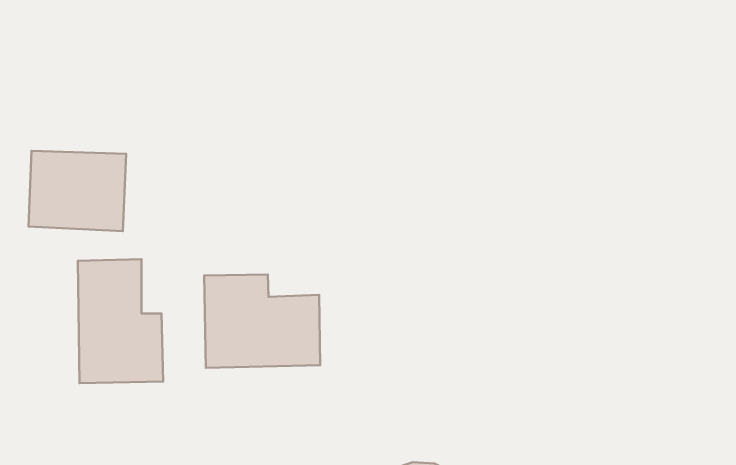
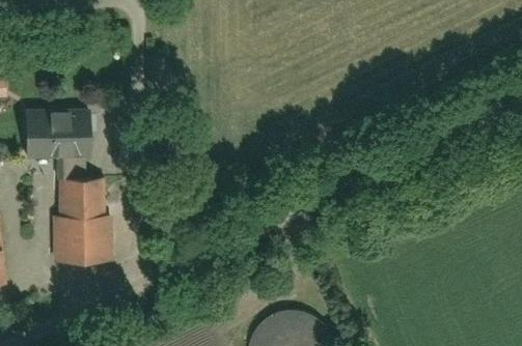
building: [204,275,320,368] -> none

